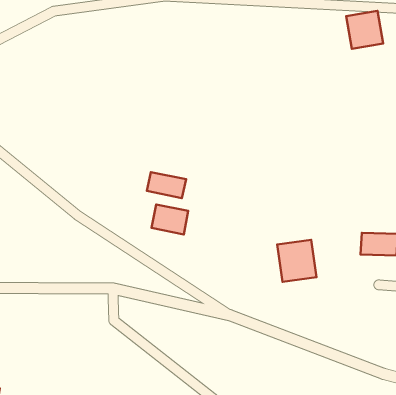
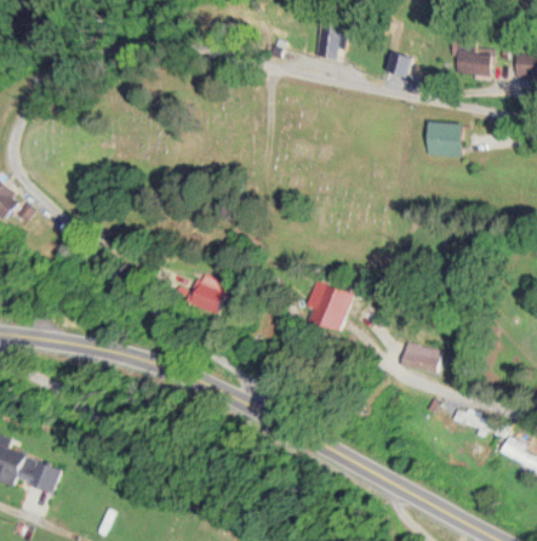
building: [147,172,186,198] -> none
building: [277,240,316,282] -> [312,286,348,326]

